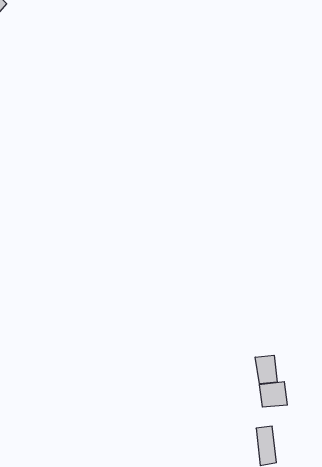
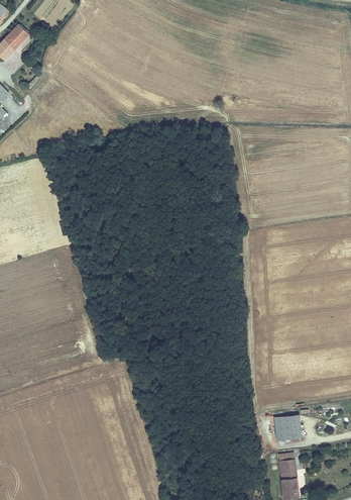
building: [255,355,277,384] -> none

